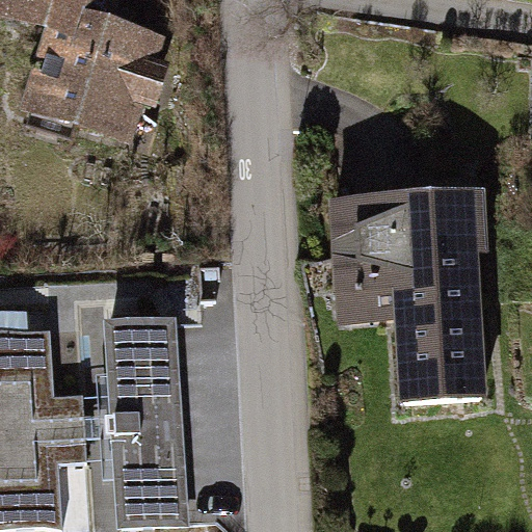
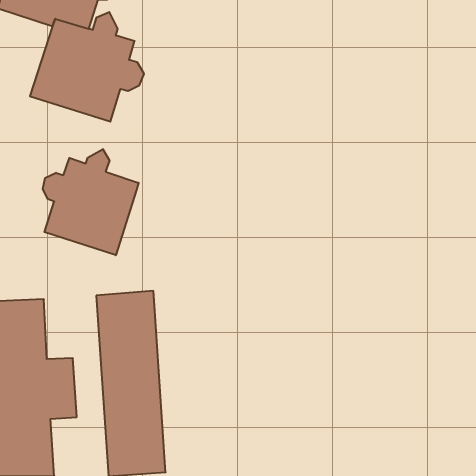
building: none -> [43,149,139,255]
building: [338,203,474,401] -> none

